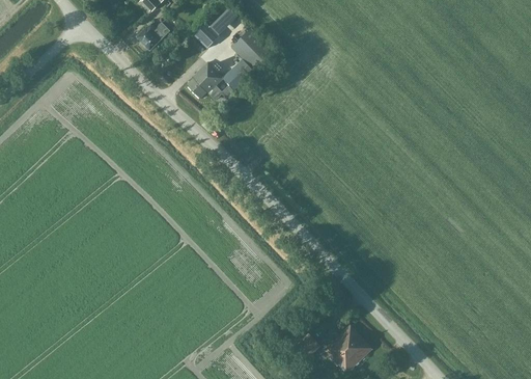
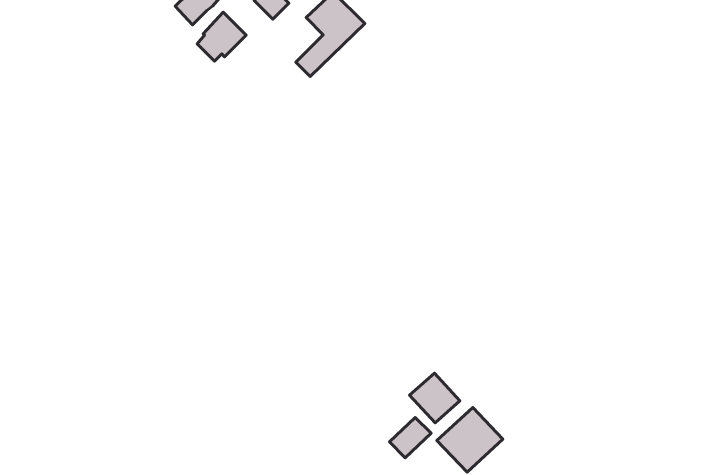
building: [188,62,223,98] -> [197,12,246,61]
building: none -> [410,373,460,423]

